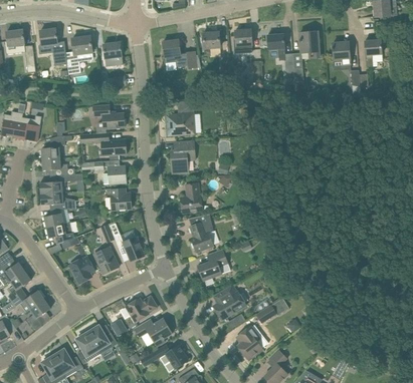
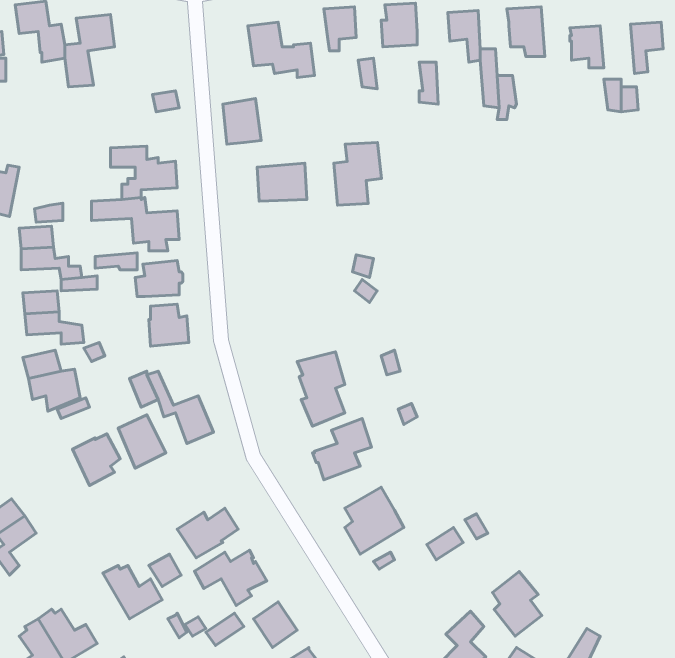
building: [102,41,123,65] -> [223,99,261,144]
building: [170,139,195,172] -> [334,142,381,205]
building: [180,182,202,212] -> none
building: [236,325,262,359] -> [492,571,542,636]
building: [76,329,99,363] -> none

